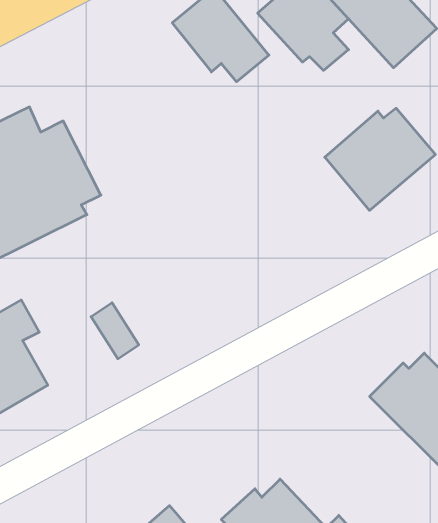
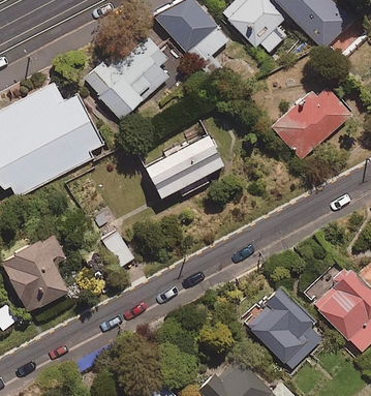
building: none -> [81,32,168,117]
building: none -> [142,128,223,199]
building: none -> [243,282,323,371]

